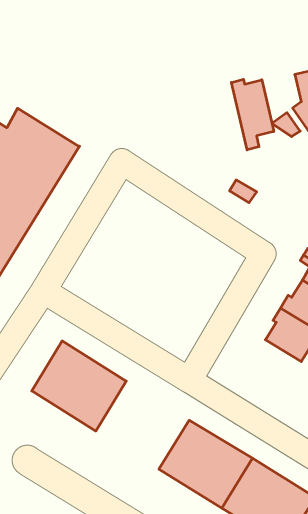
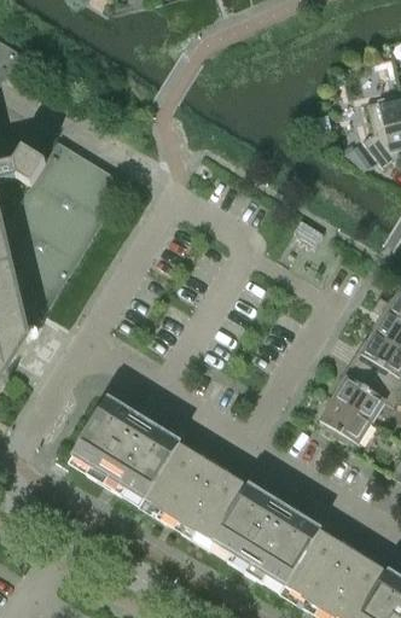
building: [231,79,274,150] -> none
building: none -> [319,397,372,447]
building: none -> [144,443,248,541]

